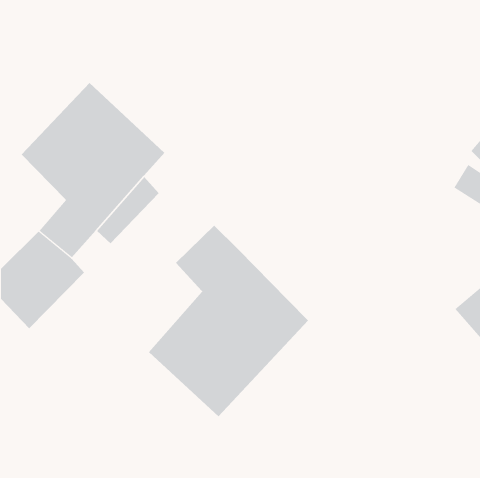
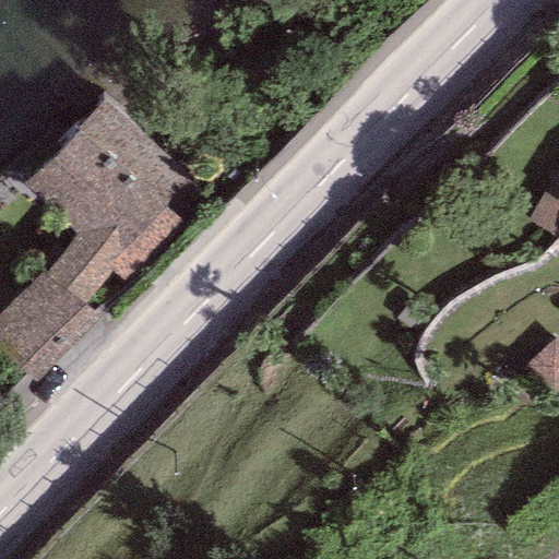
building: [148,225,309,417] -> none

